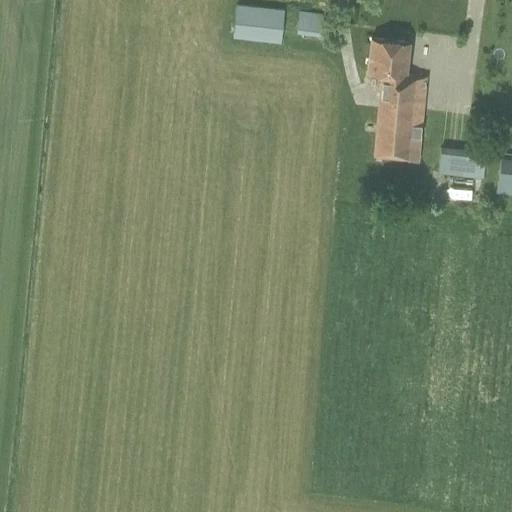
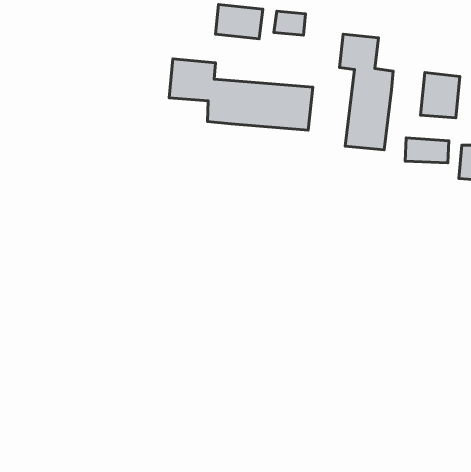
building: none -> [169,59,313,130]
building: none -> [421,73,460,118]

